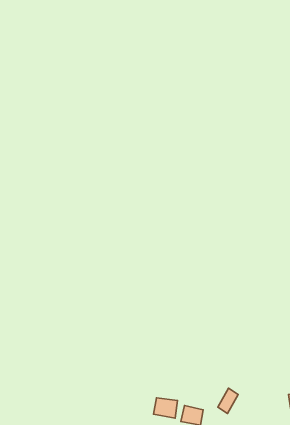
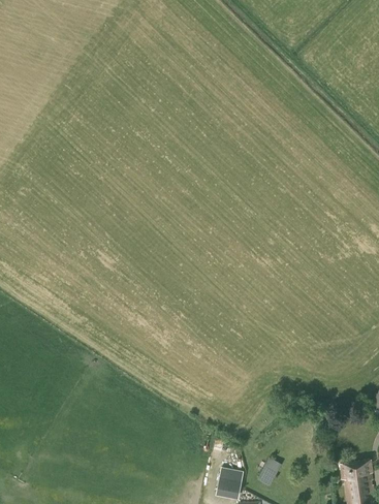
building: [153,398,178,418] -> none

